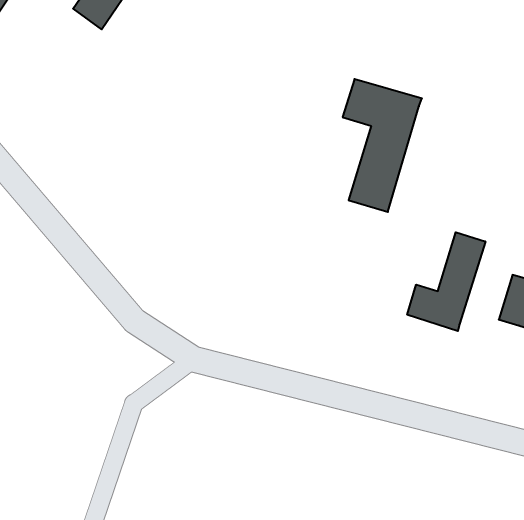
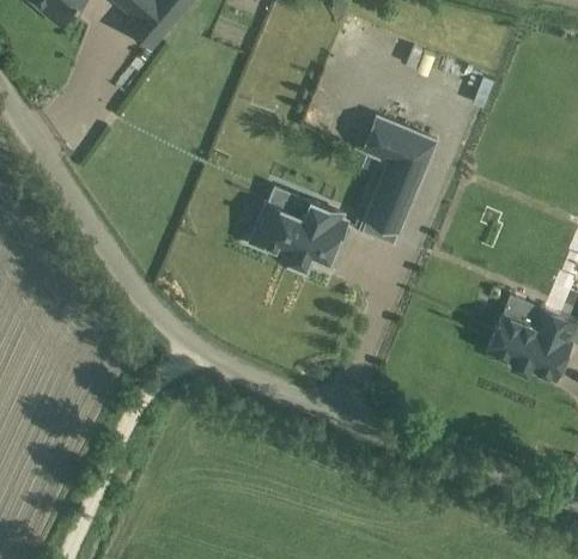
building: none -> [250,199,347,265]
building: [407,232,485,331] -> none

